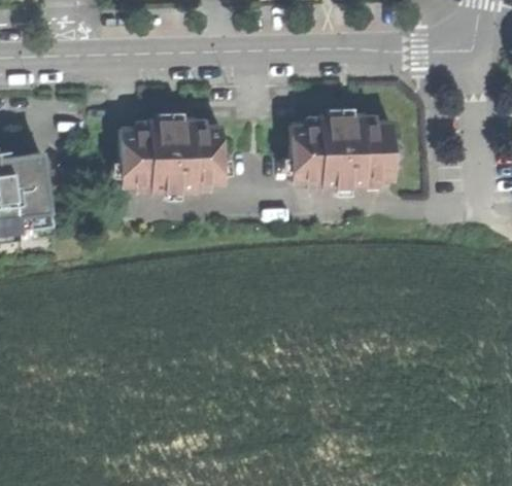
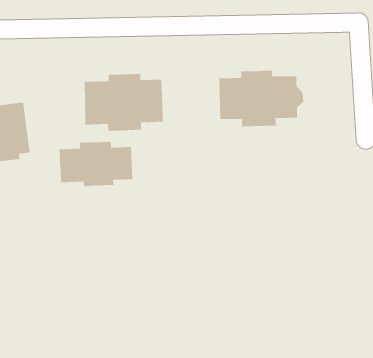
building: none -> [59,141,133,187]

